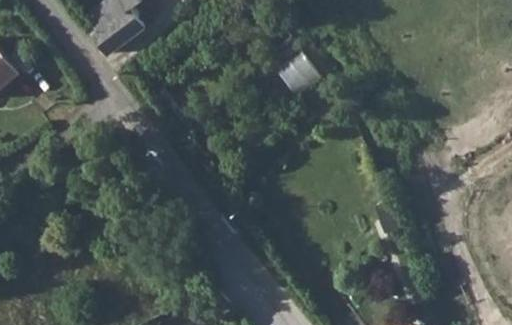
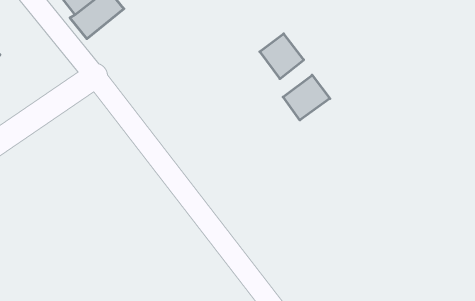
building: none -> [283,75,330,120]

